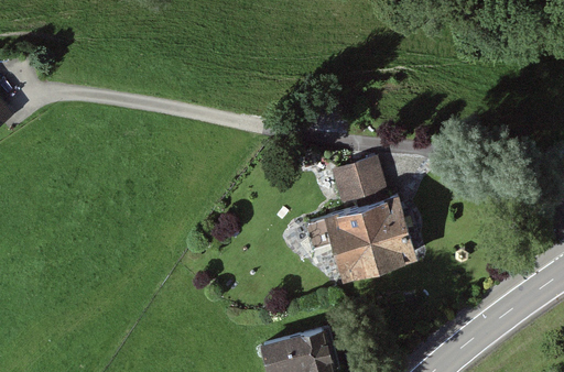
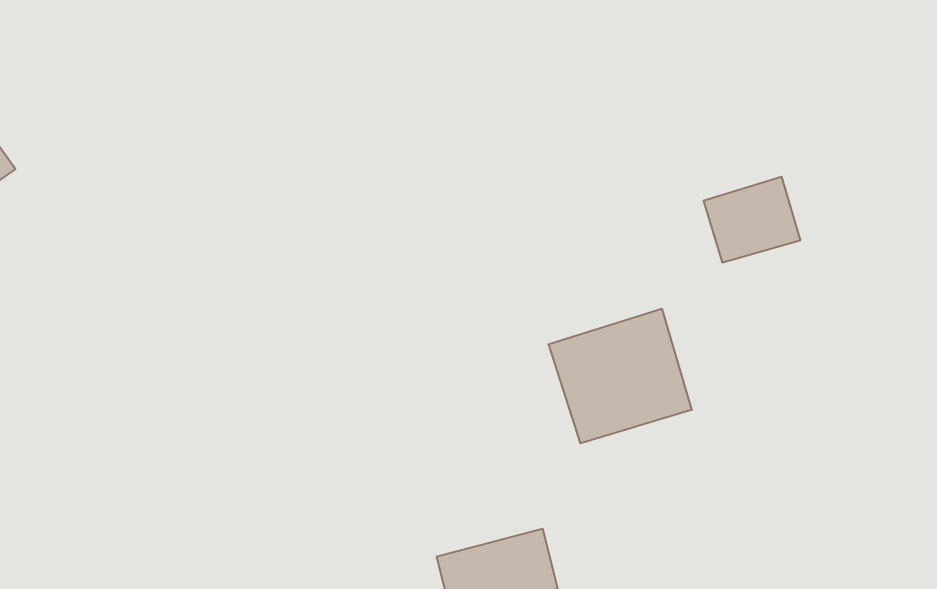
building: [330,156,388,207] -> [703,177,800,262]

